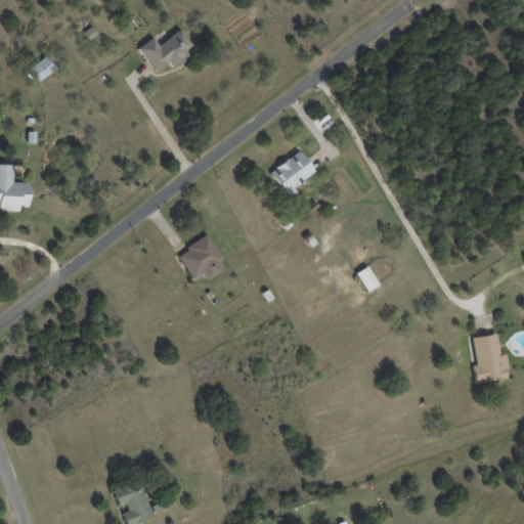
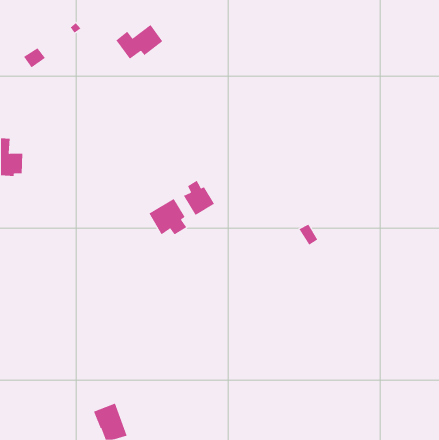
building: [270,150,315,198] -> none
building: none -> [183,180,215,216]
building: [473,334,509,383] -> none

